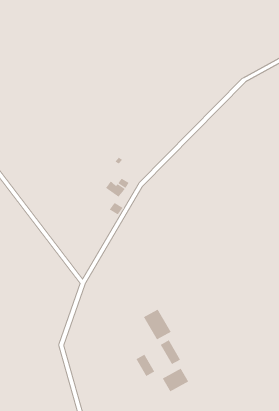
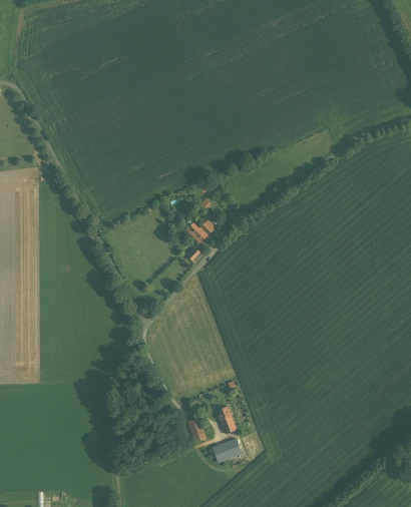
building: [143,309,172,340] -> none

